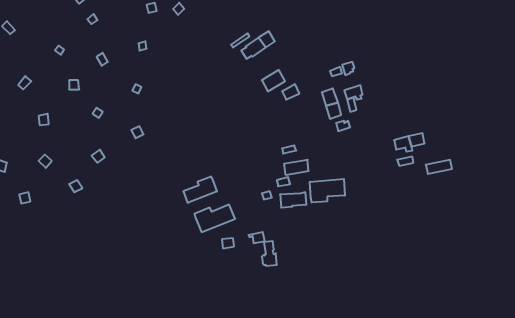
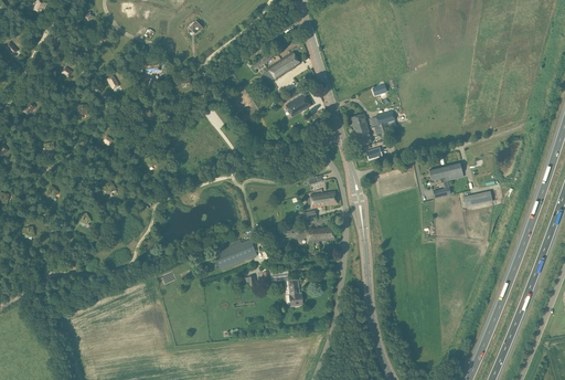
building: [184,176,217,203] -> none
building: [310,179,345,203] -> none

